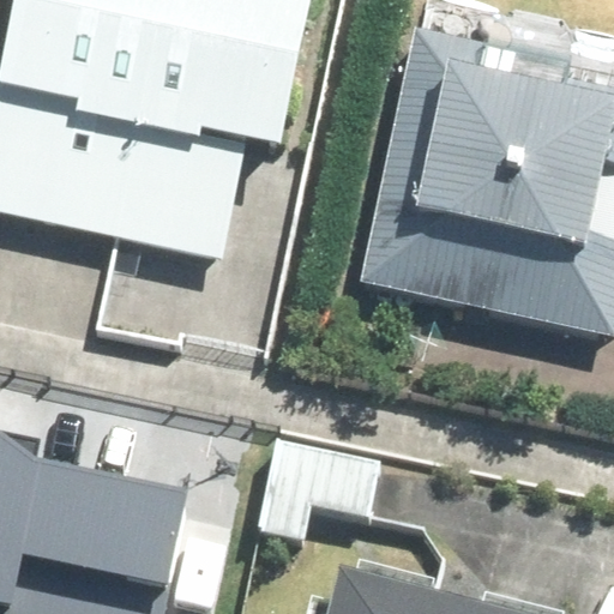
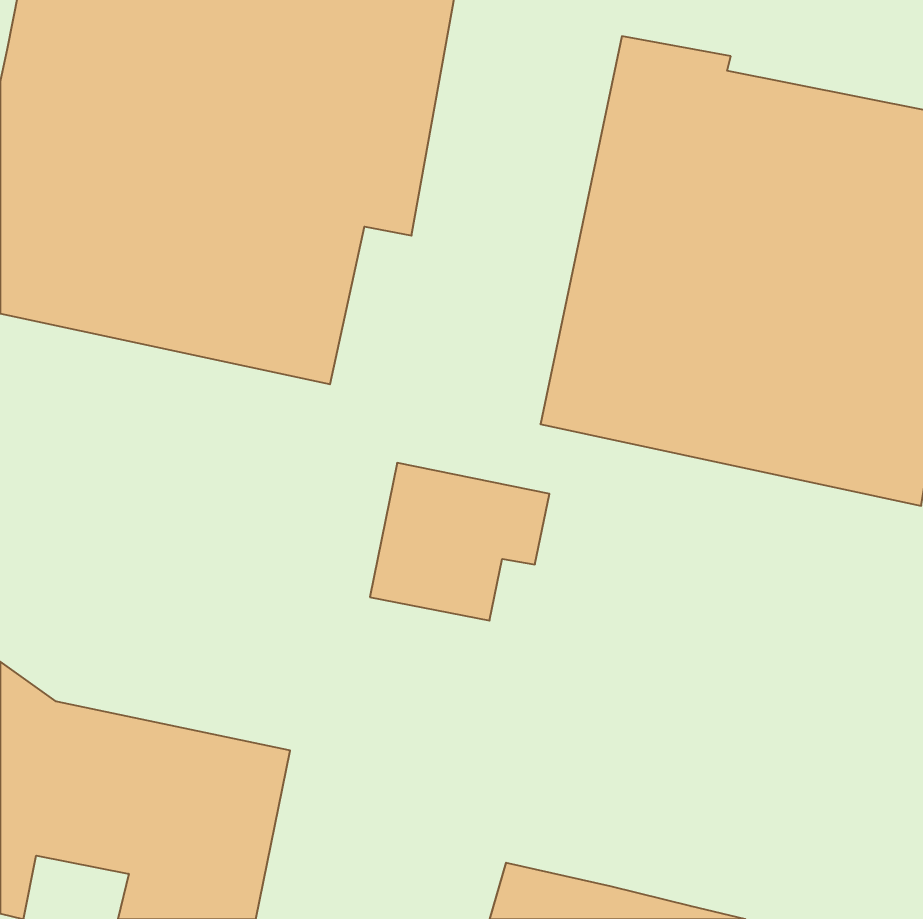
building: [263,438,381,542] -> [370,463,549,621]

